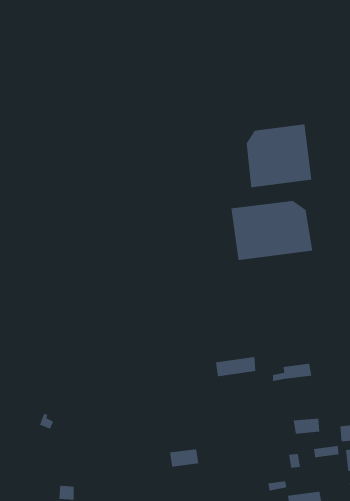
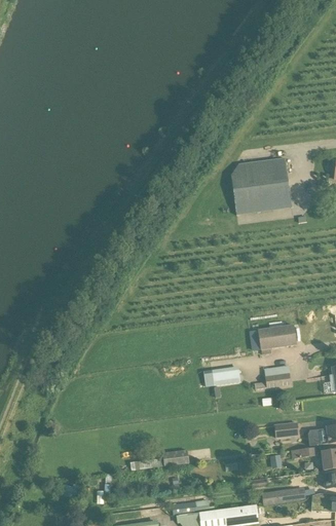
building: [231,200,313,261] -> none
building: none -> [257,324,296,353]

